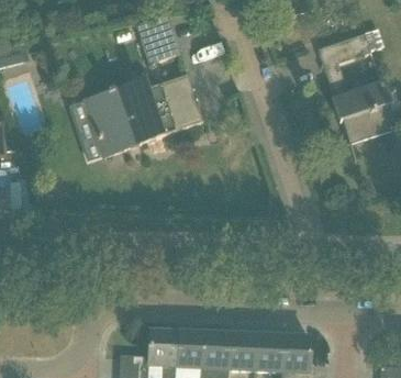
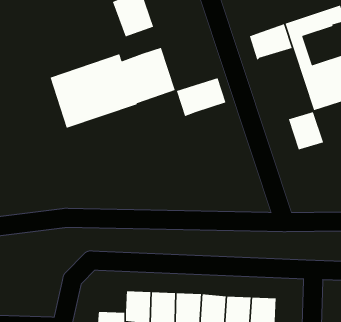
building: none -> [249,23,293,60]
building: none -> [176,77,227,117]
building: none -> [288,111,324,151]

